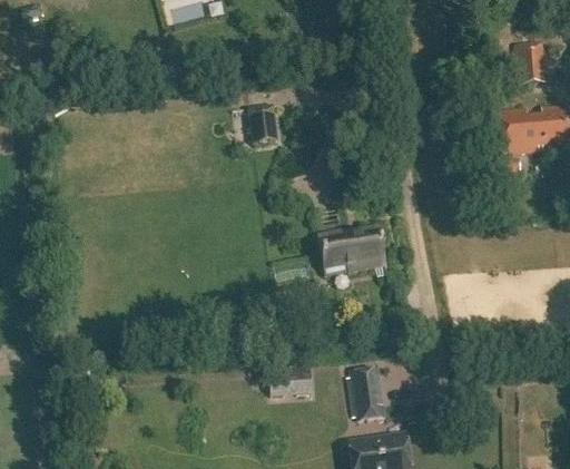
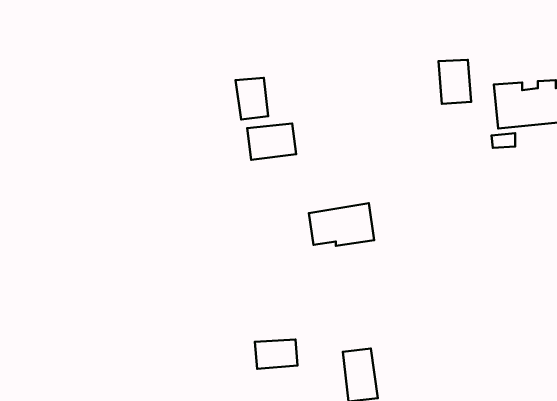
building: [512,40,544,84] -> [439,60,471,104]
building: none -> [247,124,296,160]

